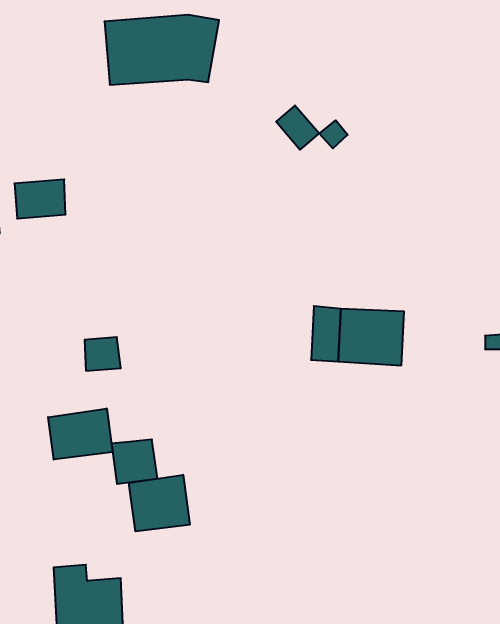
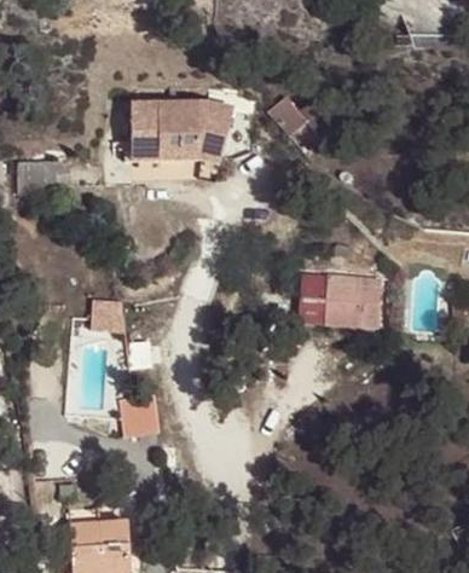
building: [104,15,219,85] -> [131,94,233,157]
building: [48,408,113,460] -> none
building: [129,475,190,531] -> none

